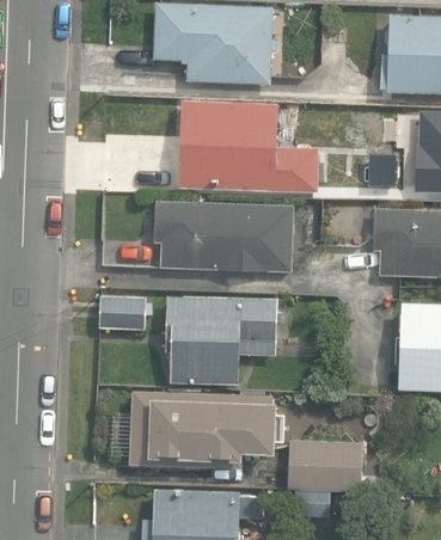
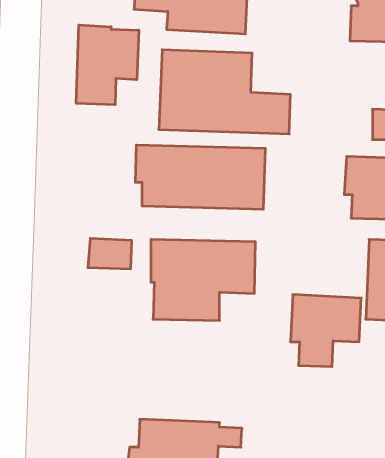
building: none -> [76,25,139,105]
building: [133,394,277,472] -> none
building: [287,443,362,520] -> [290,295,361,367]

